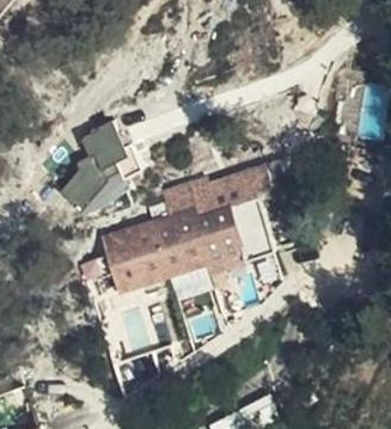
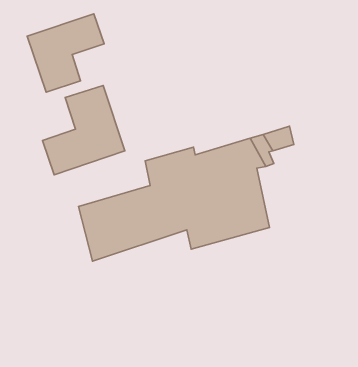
building: none -> [27,14,104,92]

